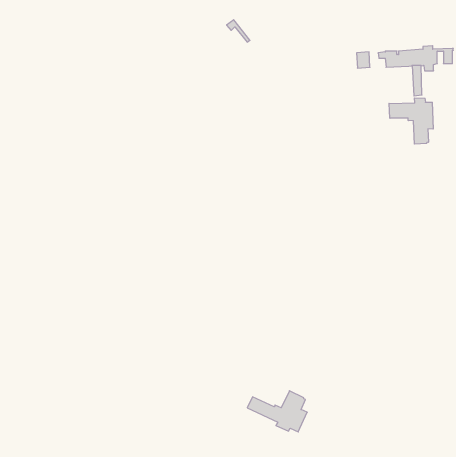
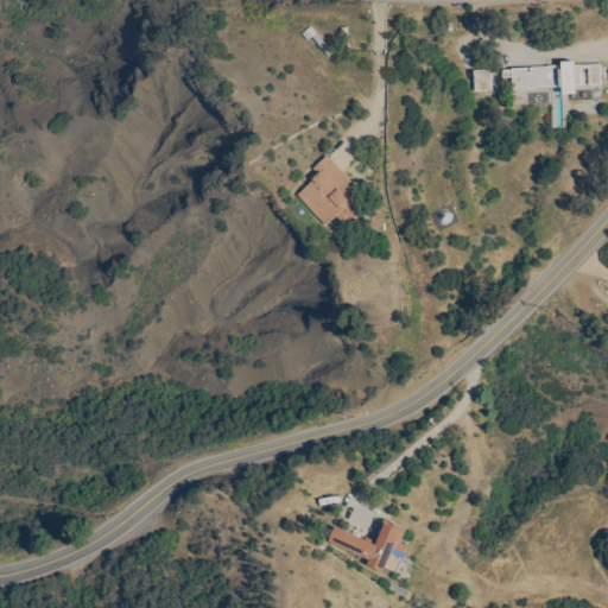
building: [389,98,433,144] -> none
building: none -> [297,154,361,226]

